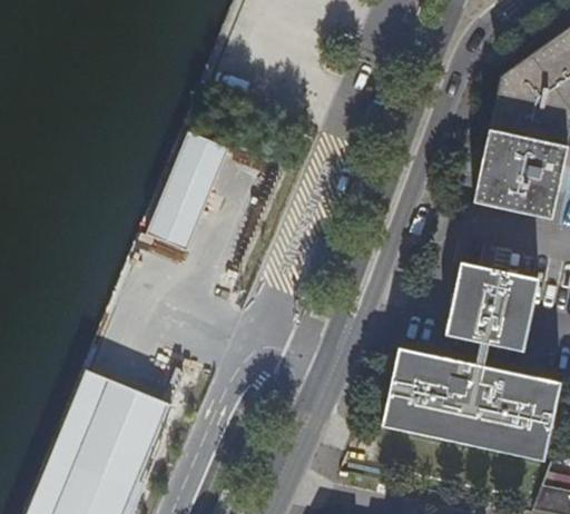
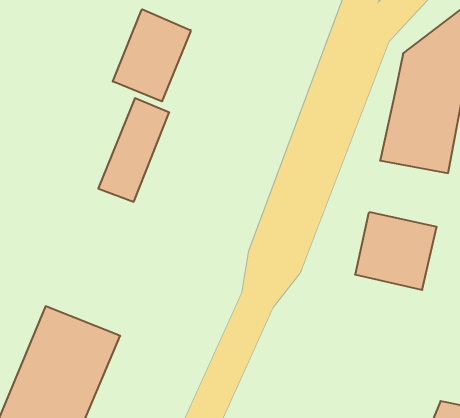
building: none -> [113,9,191,101]
building: [381,348,561,461] -> none

